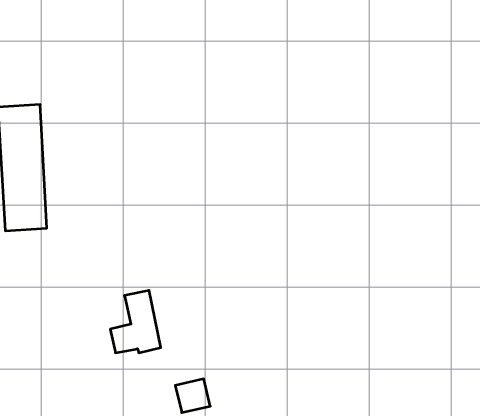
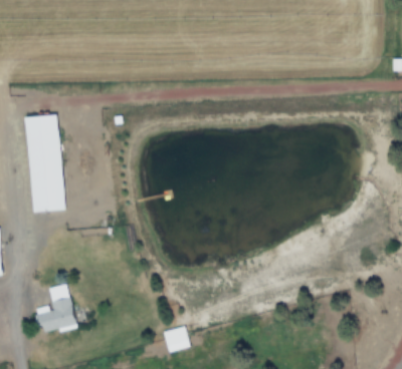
building: [110,290,161,353] -> [37,284,76,332]

